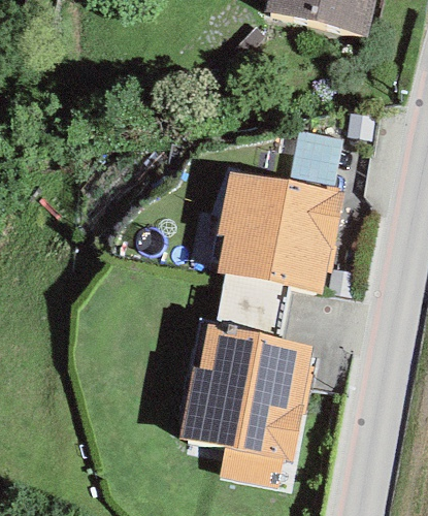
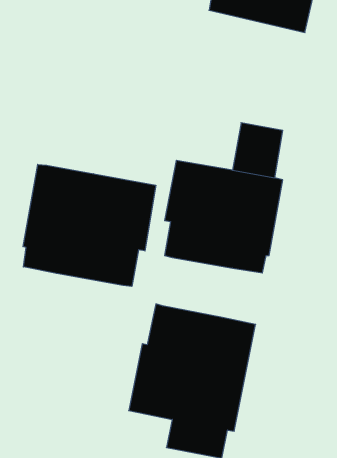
building: none -> [23,164,156,286]
building: [216,275,290,338] -> none

